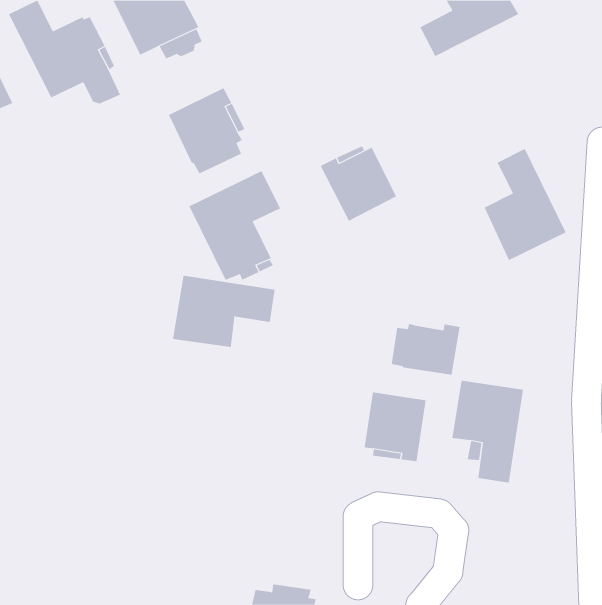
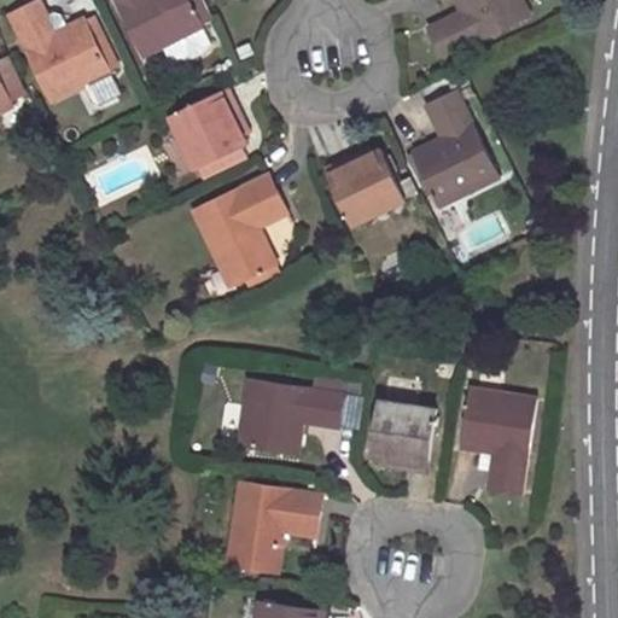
building: [484,148,567,261] -> [413,92,497,206]
building: [172,275,275,347] -> [237,379,342,453]
building: [391,323,460,376] -> none
building: none -> [226,482,320,572]

